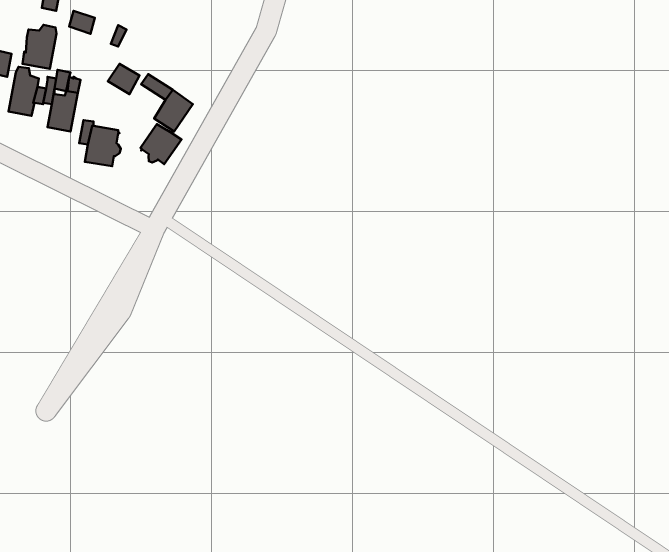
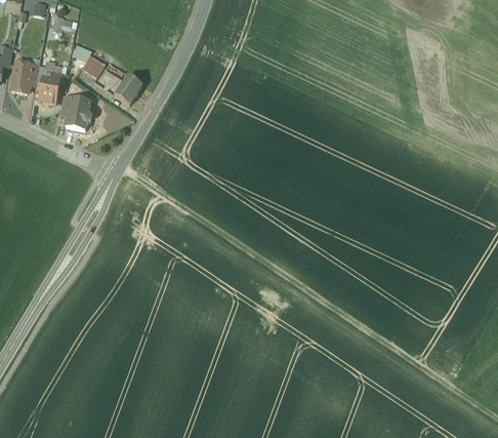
building: [22,25,57,69] -> none
building: [141,124,181,164] -> none

